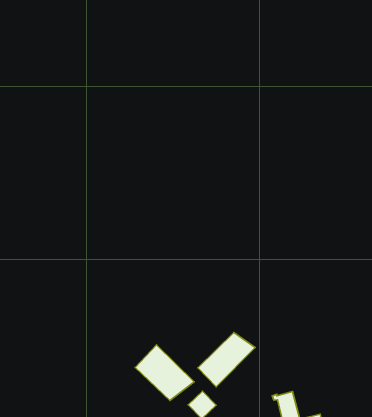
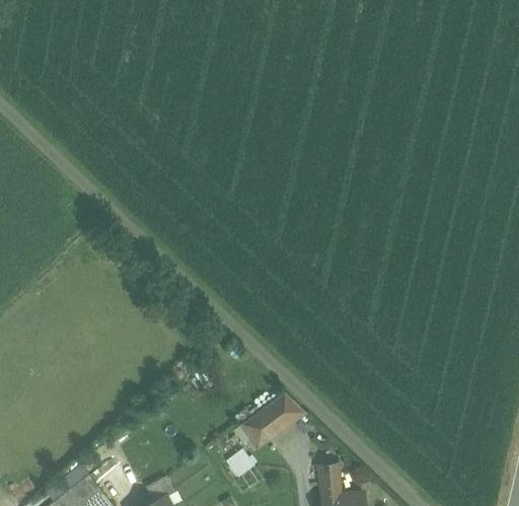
building: [135,345,194,400] -> none

